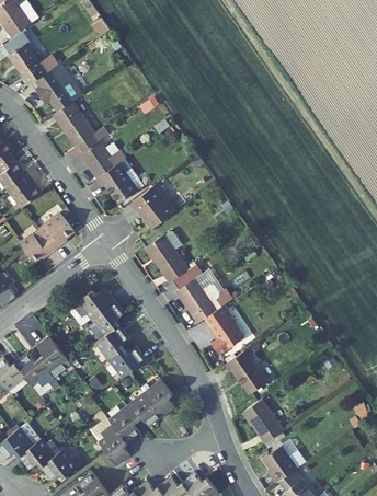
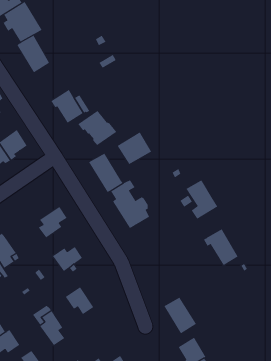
building: [68,127,126,178] -> none
building: none -> [117,132,152,165]
building: [68,288,115,326] -> none
building: [205,307,244,354] -> [186,180,218,219]
building: [96,325,129,360] -> none
building: [225,350,267,394] -> [203,229,239,266]
building: [140,381,174,417] -> none
building: [110,407,140,443] -> none

